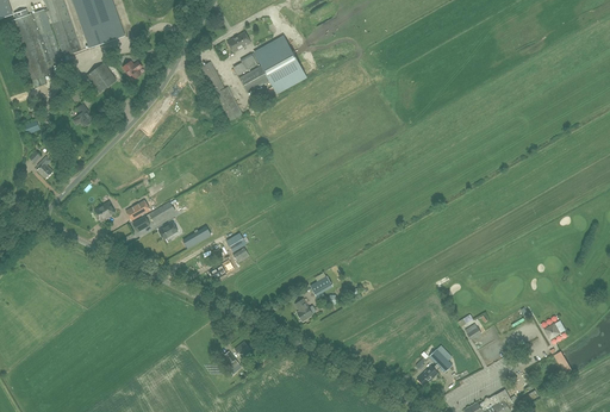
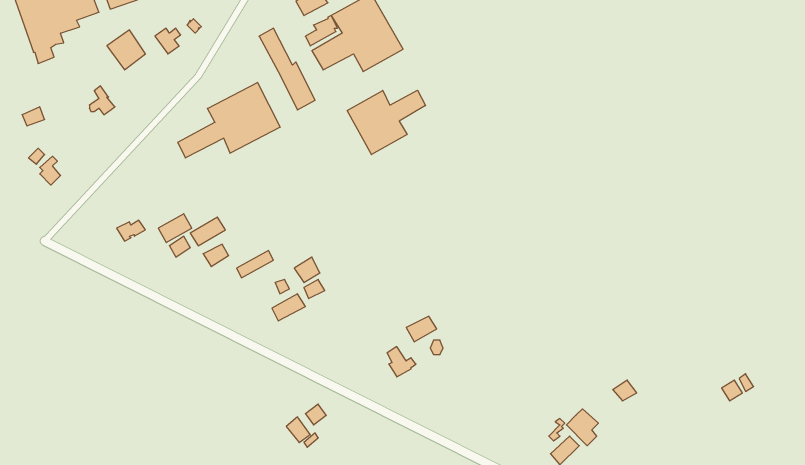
building: none -> [178,82,280,158]
building: none -> [347,90,426,155]

